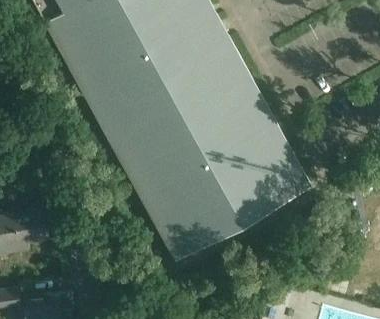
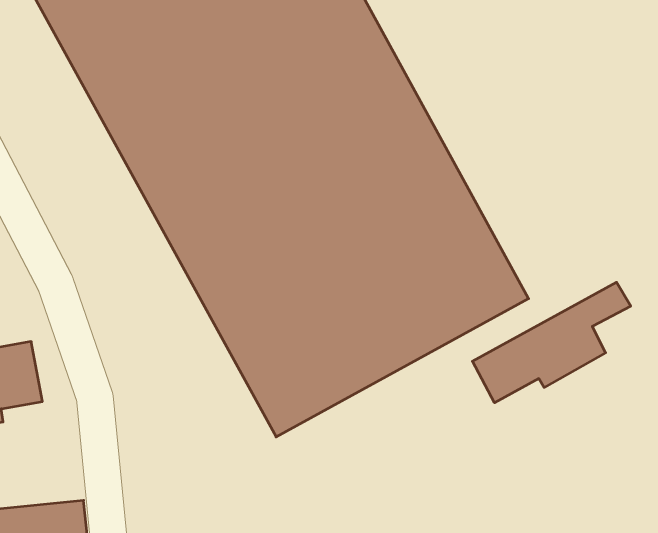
building: none -> [472,282,631,403]

